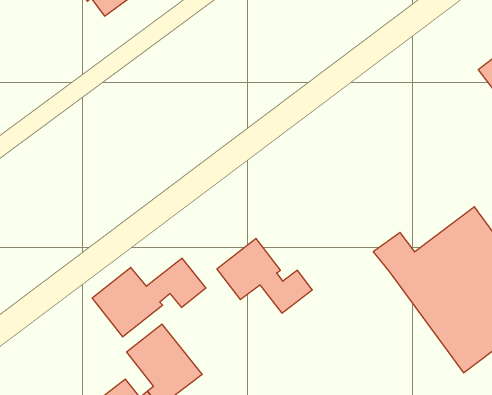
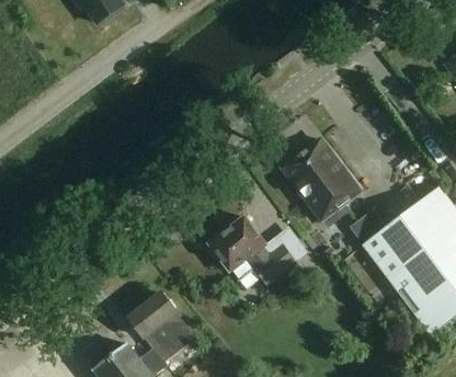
building: none -> [282,138,358,218]
building: [92,258,206,337] -> none

